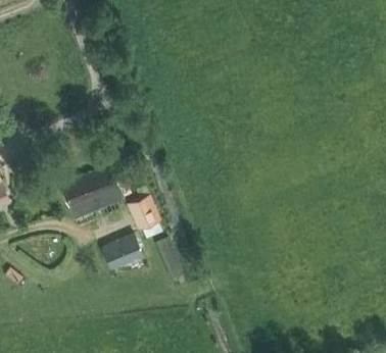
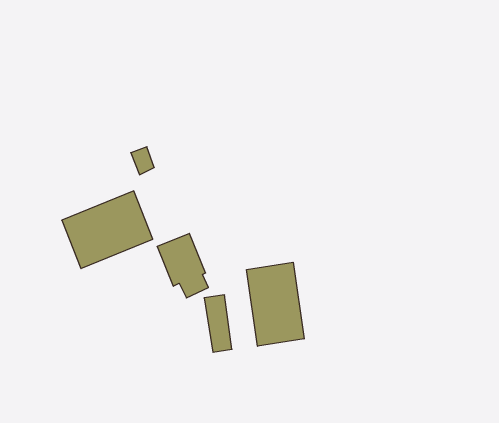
building: none -> [247,262,304,346]
building: [102,236,142,270] -> none

